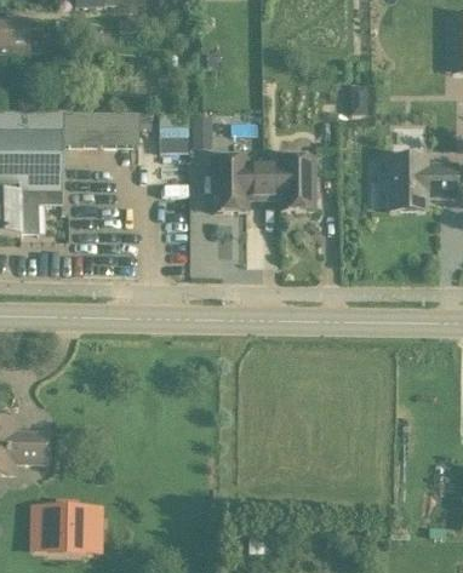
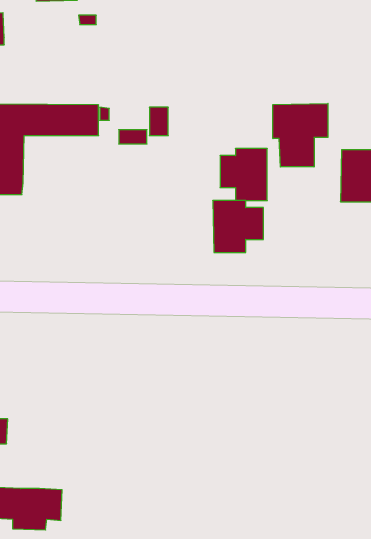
building: none -> [273,103,328,167]
building: [212,157,264,211] -> [213,201,263,252]

